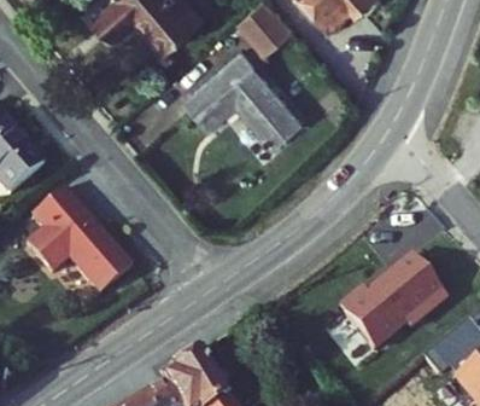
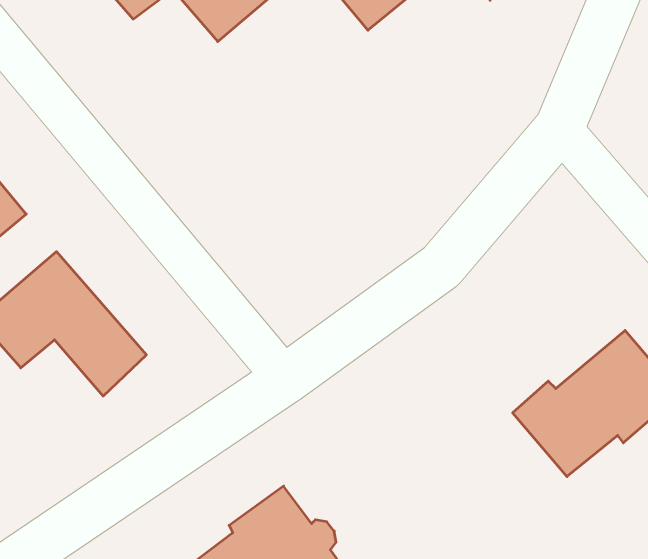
building: [177,56,294,151] -> none

